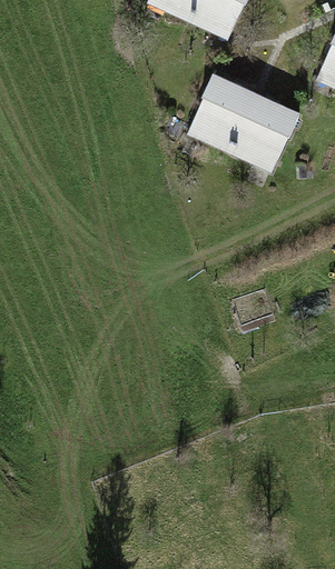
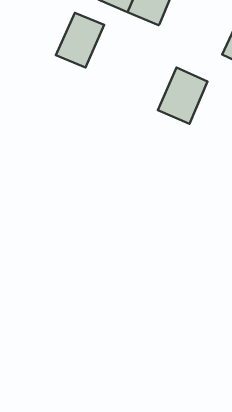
building: [188,78,254,152] -> [56,13,104,67]

